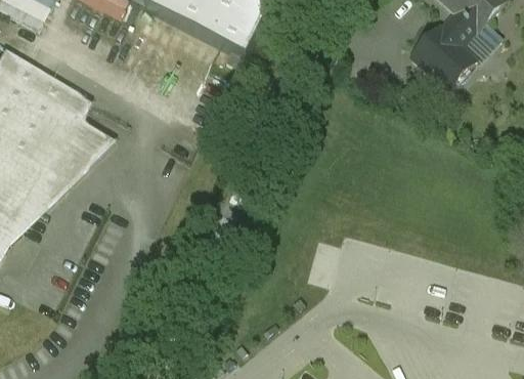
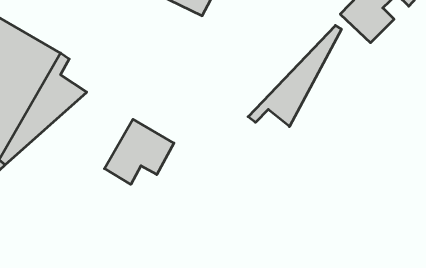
building: none -> [248,25,341,127]
building: none -> [104,119,174,184]

